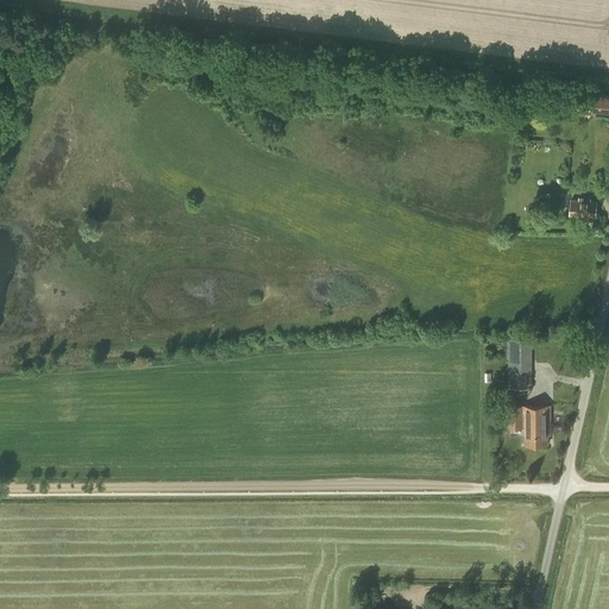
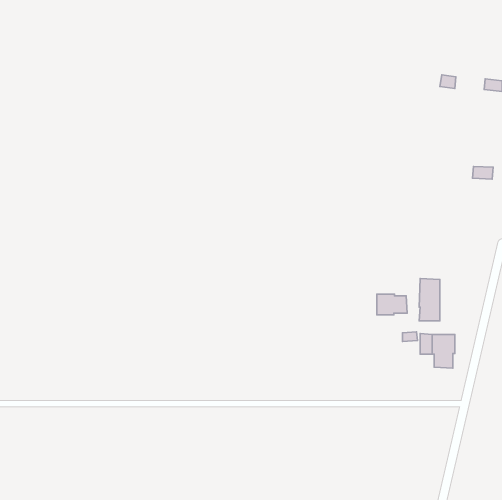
building: none -> [377,294,407,315]

